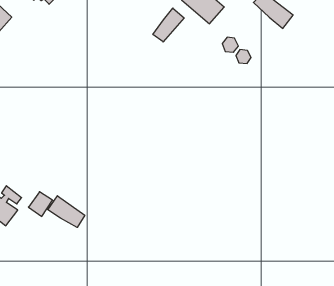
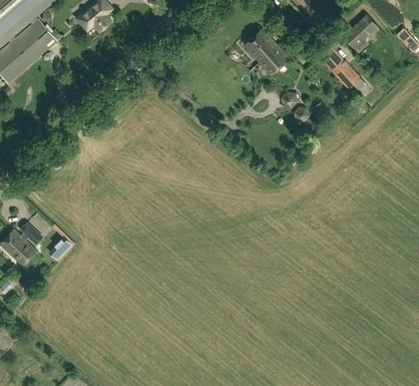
building: [153,8,184,42] -> none
building: [48,196,85,227] -> none

